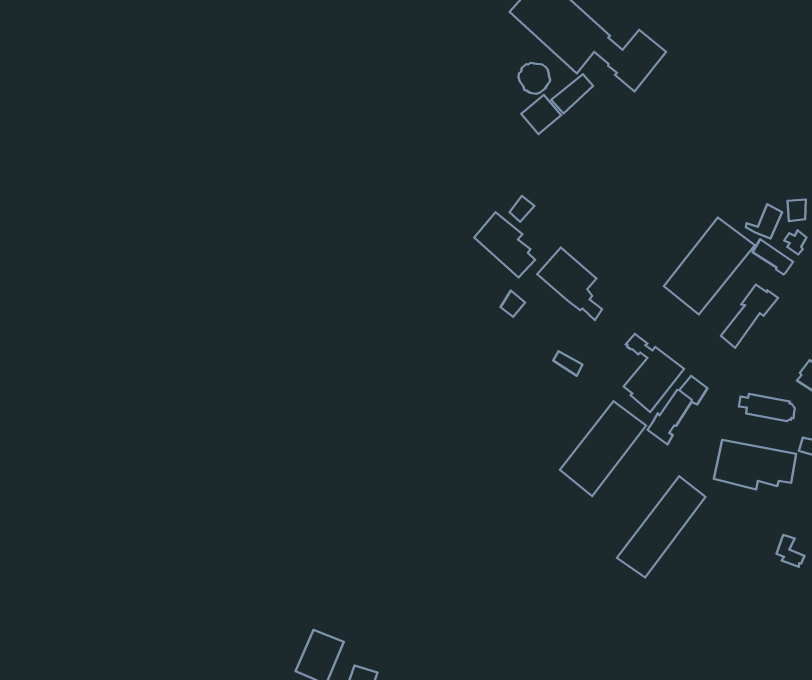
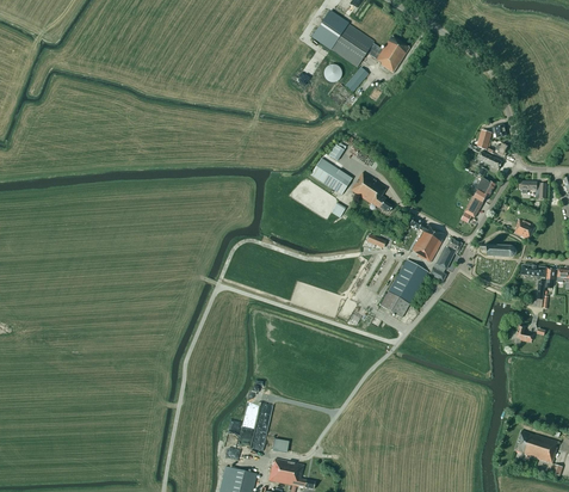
building: [664,217,755,315] -> none
building: [714,440,796,489] -> none
building: [617,476,706,577] -> none

